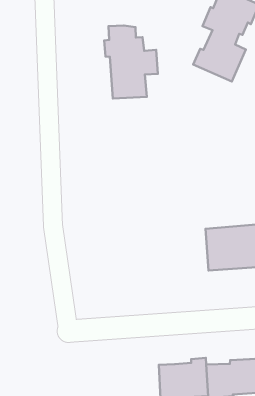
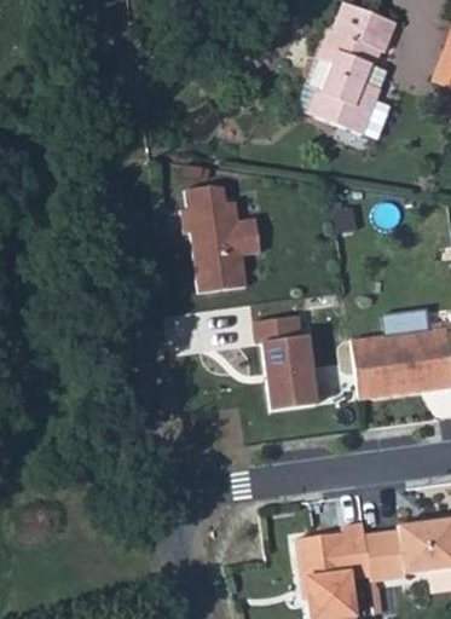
building: [104,26,158,99] -> [180,187,260,293]
building: none -> [248,317,312,411]

